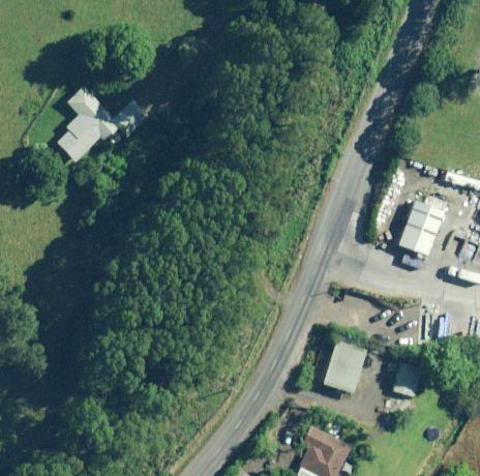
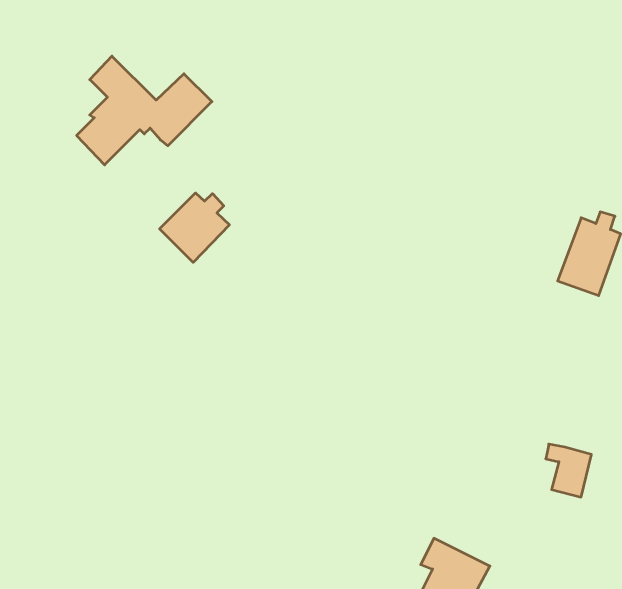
building: none -> [160,193,229,262]
building: [322,339,365,393] -> none

